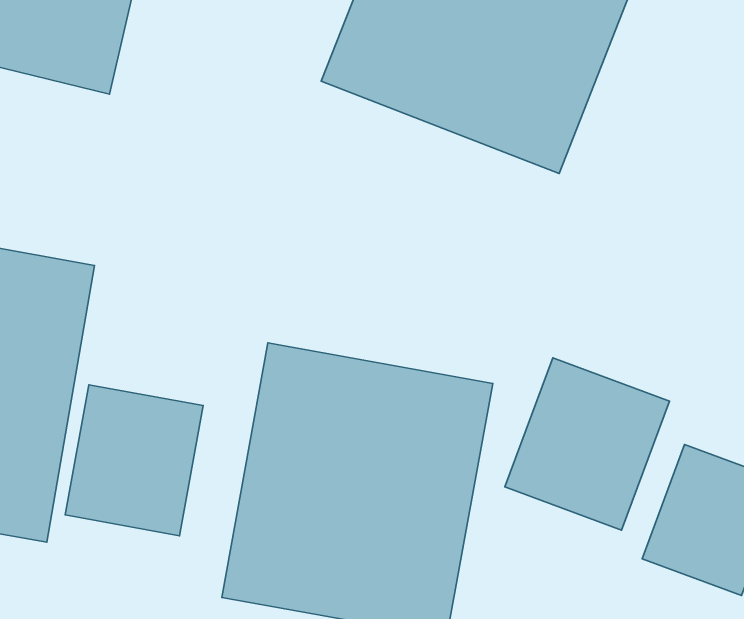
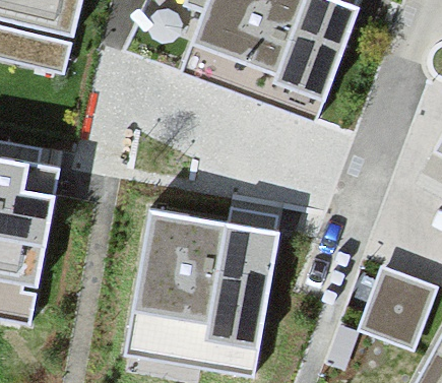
building: [505,358,669,530] -> none
building: [65,385,203,536] -> none

